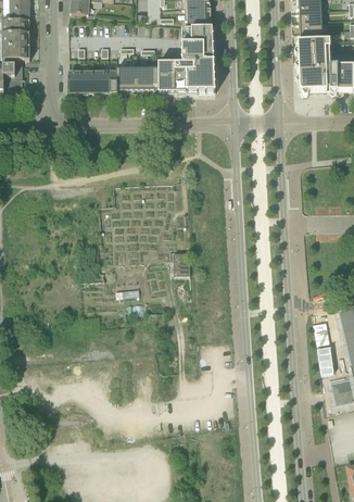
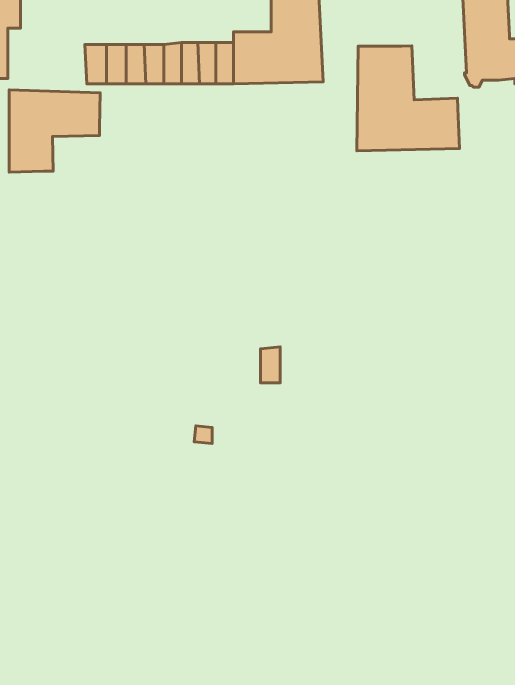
building: none -> [357,46,460,151]
building: none -> [9,90,100,172]

